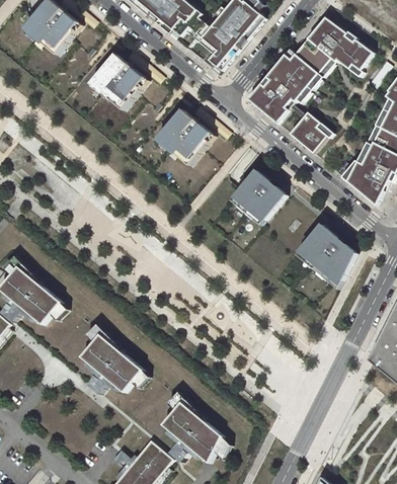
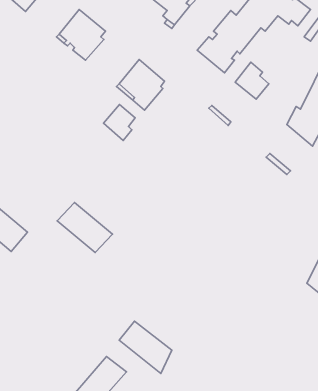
building: none -> [104,104,135,141]
building: [232,169,285,224] -> none
building: [297,223,356,289] -> none
building: [77,334,139,390] -> [57,203,112,252]

